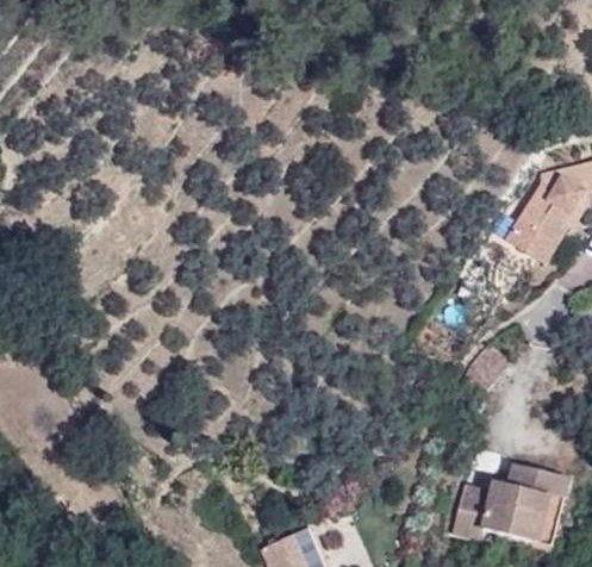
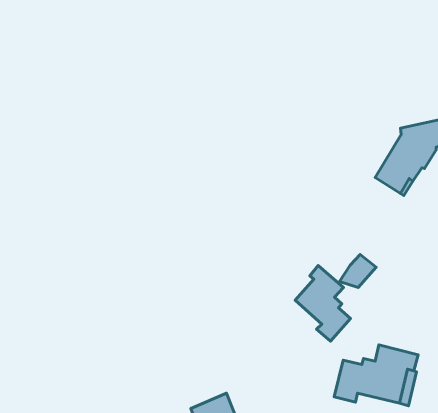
building: none -> [295,265,351,341]

